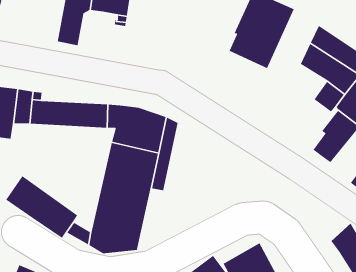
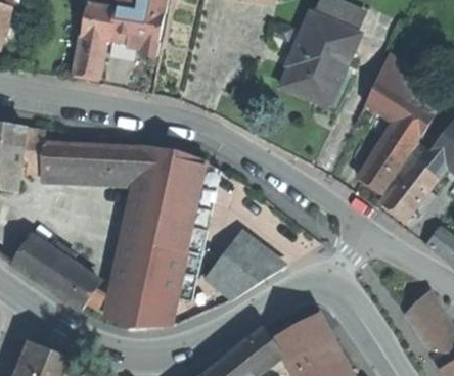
building: none -> [359,142,404,192]
building: none -> [206,232,283,299]

